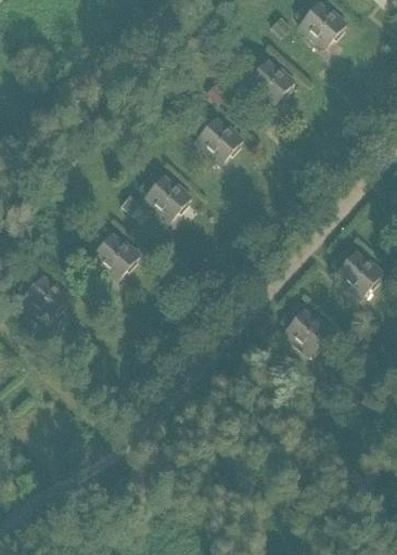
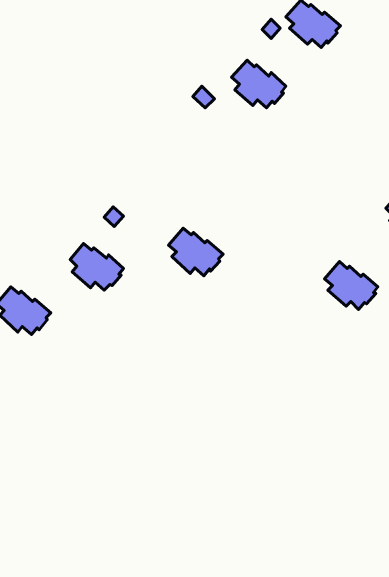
building: [194,116,245,162] -> none
building: [142,173,194,219] -> [169,228,223,276]
building: [282,307,334,352] -> none

